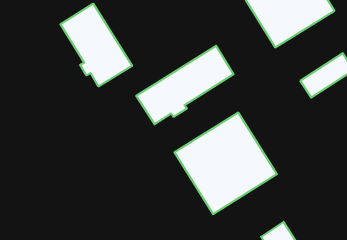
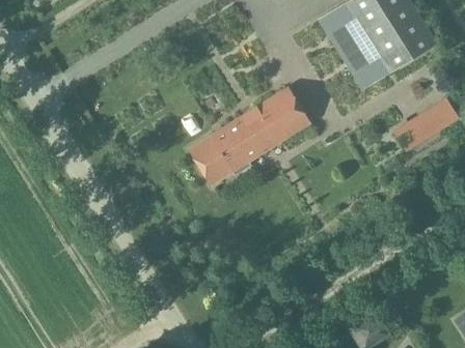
building: [60,4,132,86] -> none
building: [174,112,277,214] -> none

